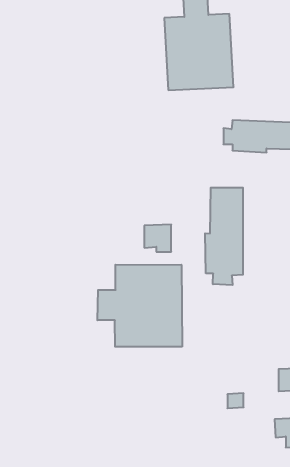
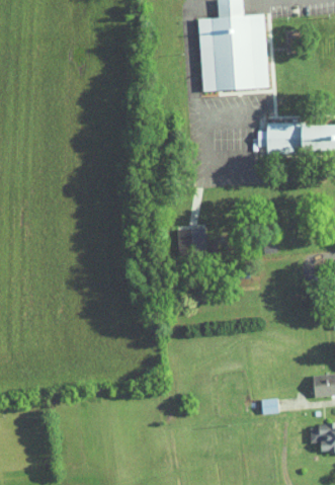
building: [205,188,243,285] -> none
building: [97,265,182,347] -> none

